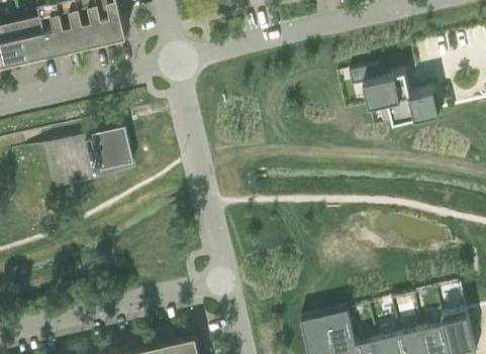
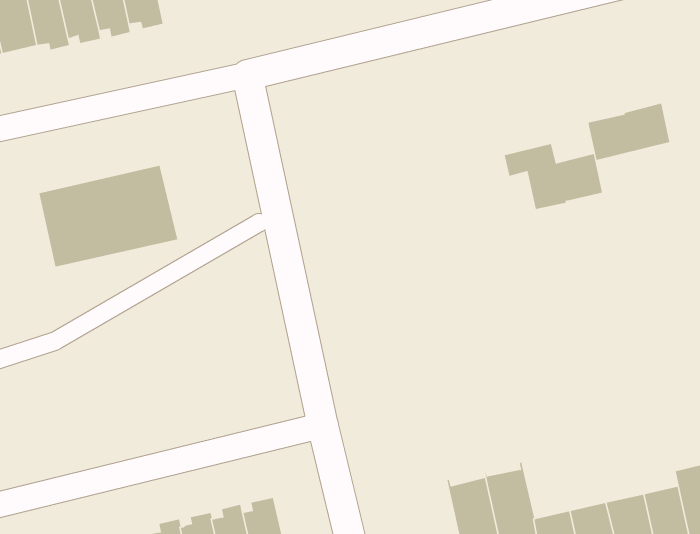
building: [349,66,409,106] -> [504,144,603,209]

